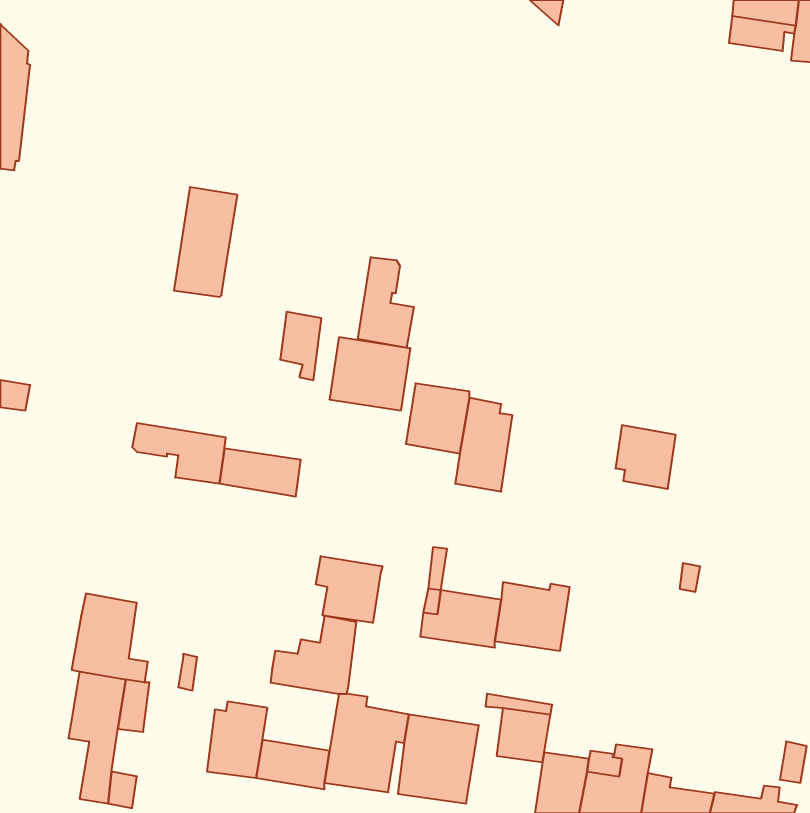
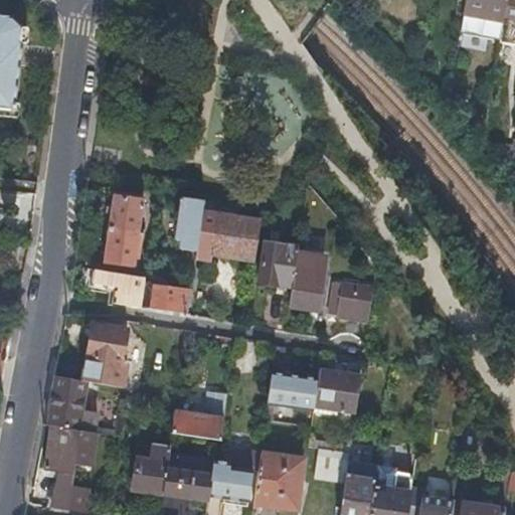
building: [174,187,237,297] -> [105,194,145,264]
building: [358,257,414,348] -> none
building: [615,425,676,489] -> [334,280,372,320]
building: none -> [83,324,128,387]
building: [316,556,383,623] -> none

